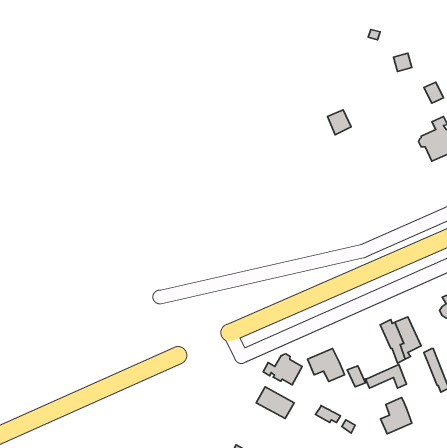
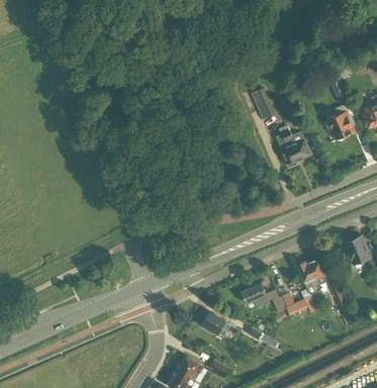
building: none -> [277,126,310,167]
building: [263,354,302,385] -> none
building: [380,398,412,434] -> none

